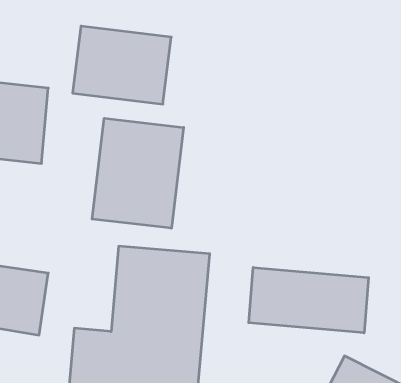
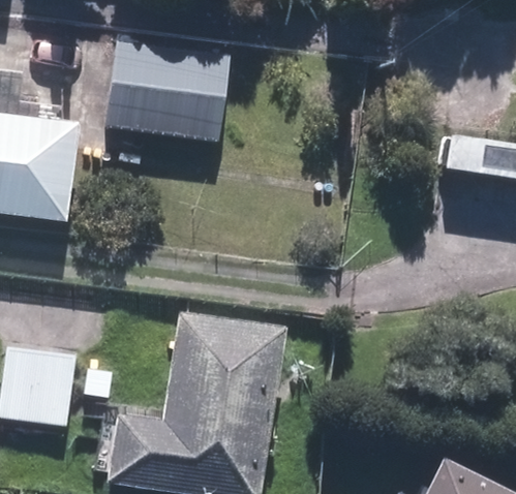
building: [92,118,184,228] -> none
building: [249,267,369,333] -> none

